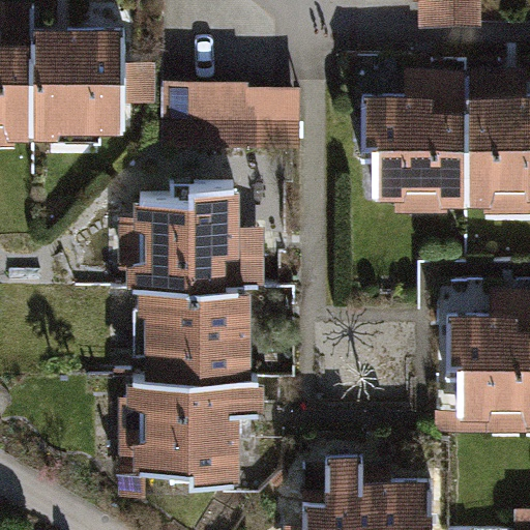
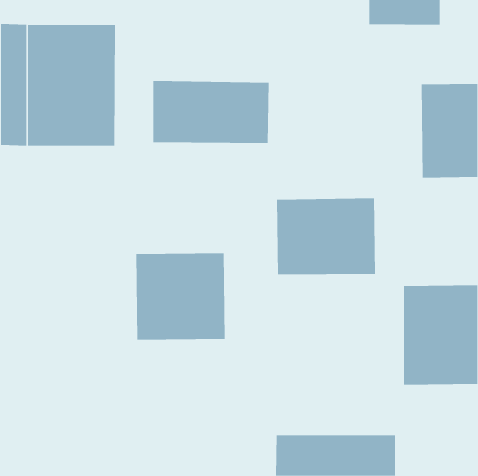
building: [372,93,467,198] -> none
building: [143,179,262,281] -> none
building: none -> [277,198,375,275]
building: [134,375,260,476] -> none

